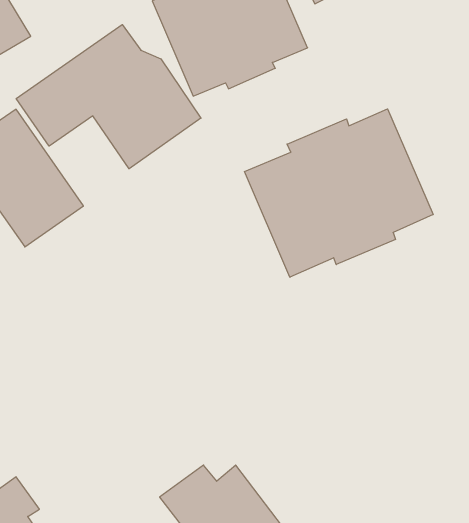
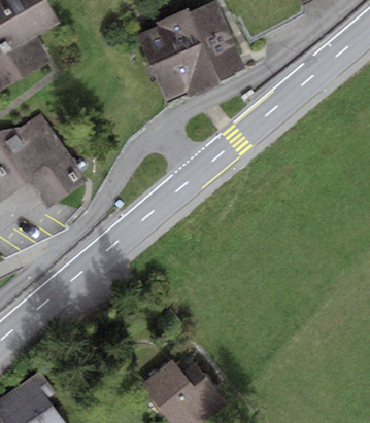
building: [16,25,201,169] -> none
building: [244,109,433,277] -> none

